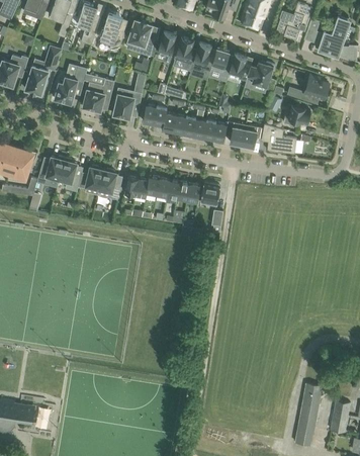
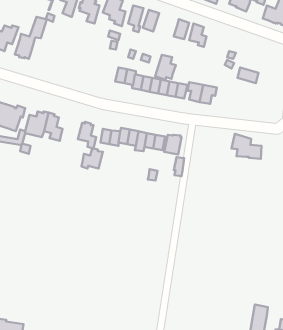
building: [190,43,214,73] -> [155,55,176,80]
building: [244,62,274,90] -> none
building: [54,66,87,103] -> none
building: [300,76,328,105] -> none
building: [82,79,114,111] -> none
building: [113,90,142,119] -> none
building: [260,124,295,154] -> [231,134,262,159]
building: [78,166,103,189] -> [81,149,103,168]

